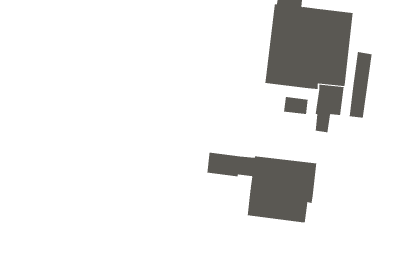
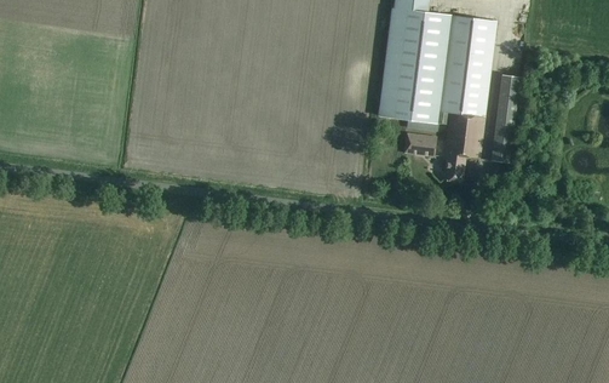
building: [207,152,317,223] -> none

